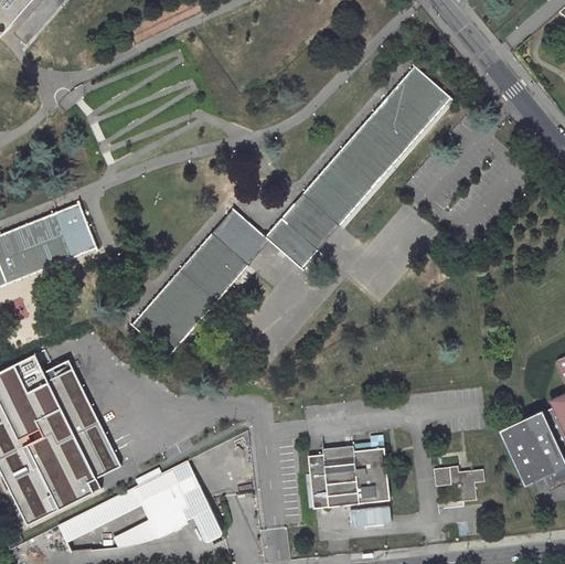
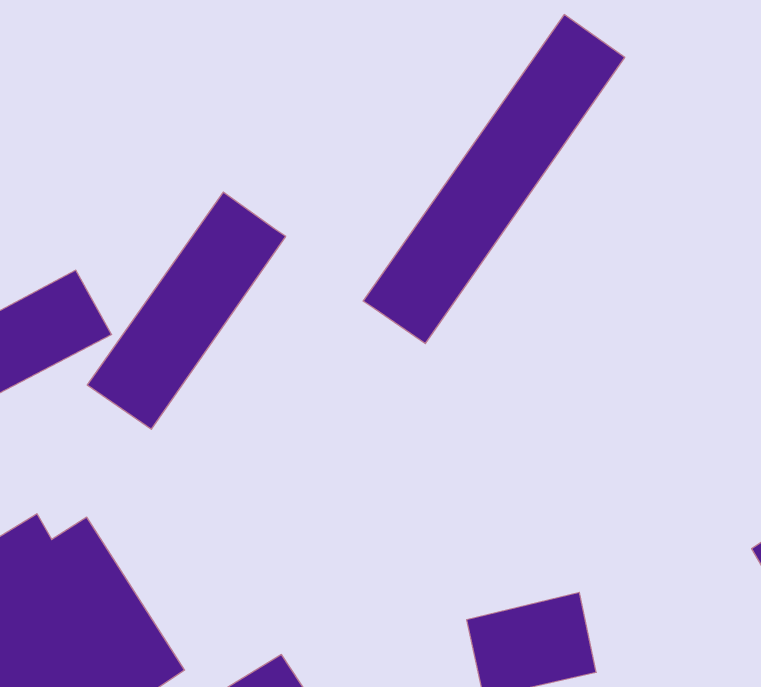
building: [130,212,269,361] -> [87,192,286,429]
building: [434,467,484,503] -> none

